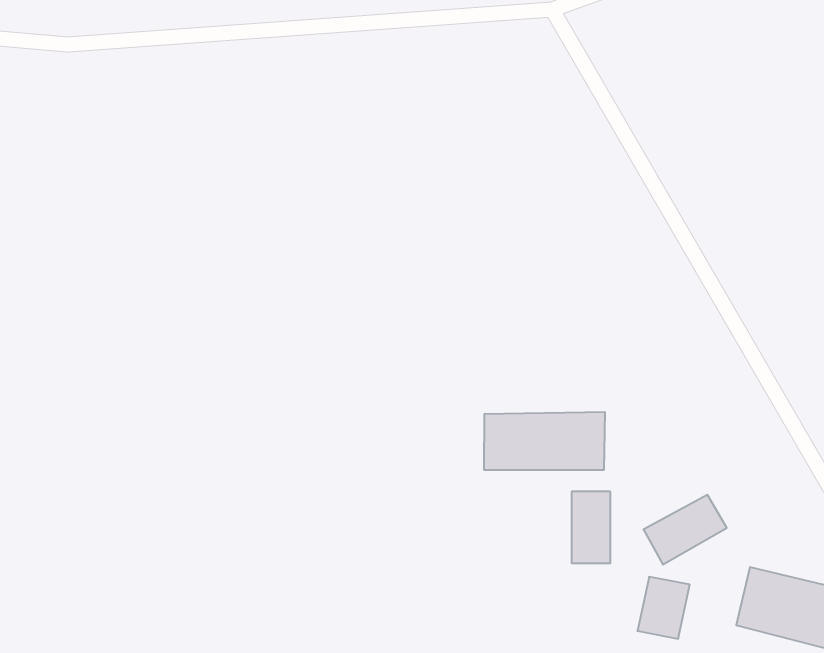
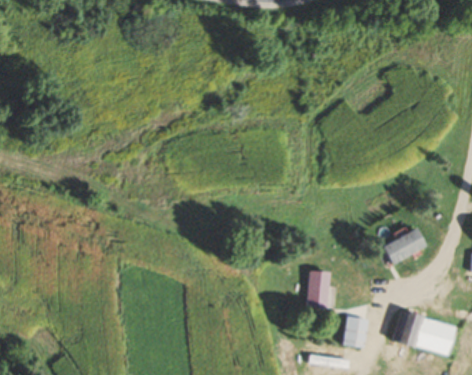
building: [484,412,605,470] -> none
building: [643,495,727,565] -> [382,229,425,265]

